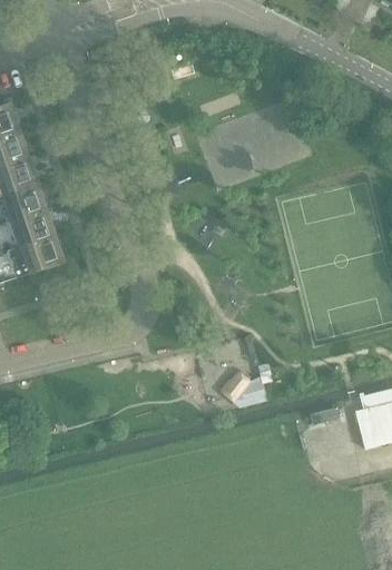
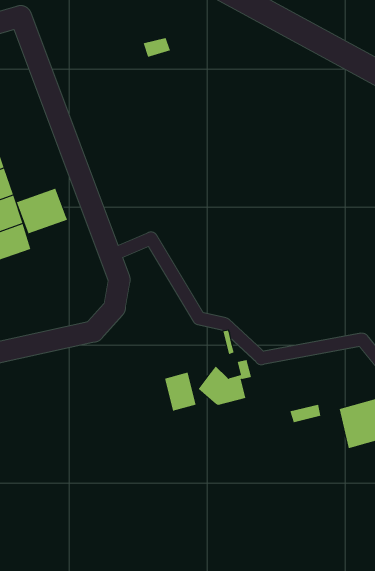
building: none -> [16,188,68,234]
building: none -> [165,372,196,412]

